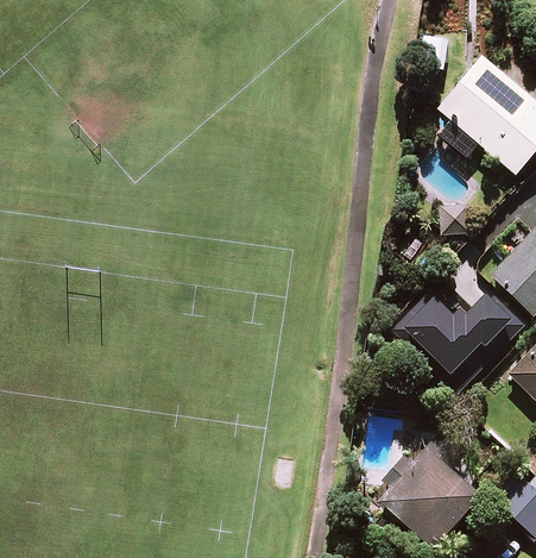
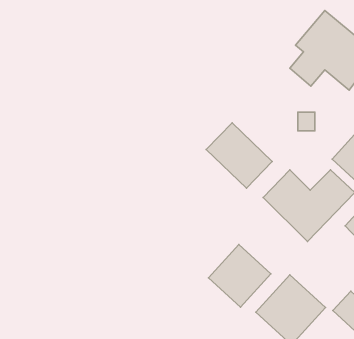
building: none -> [206,123,272,188]
building: none -> [209,244,271,307]

